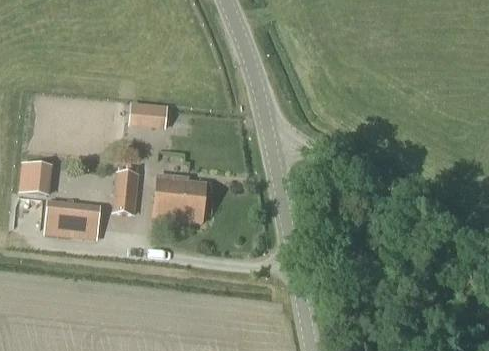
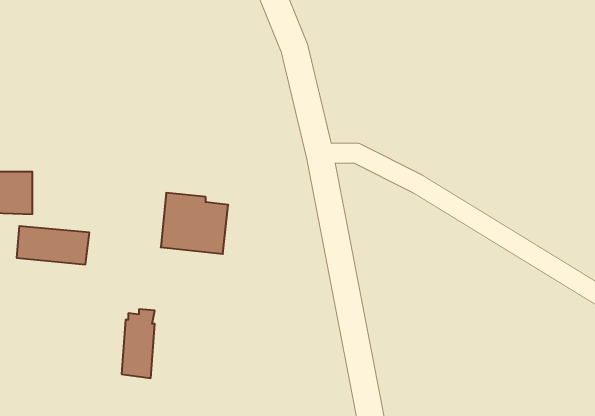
building: [130,104,167,127] -> none
building: [113,163,138,215] -> [122,309,155,378]

